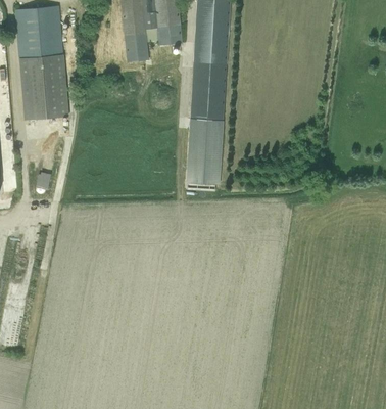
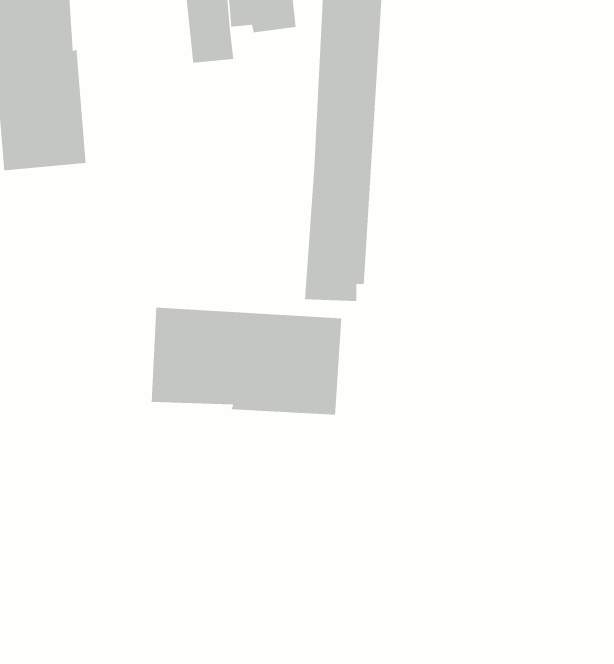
building: none -> [151,307,342,416]

